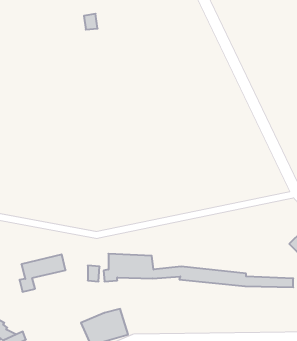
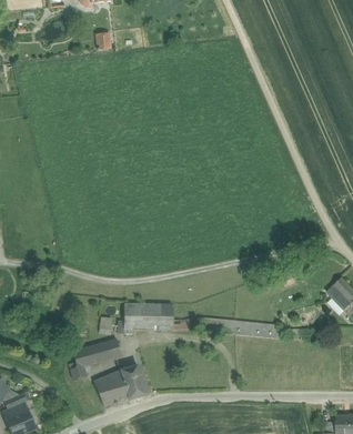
building: [19,254,66,292] -> [69,339,121,381]

